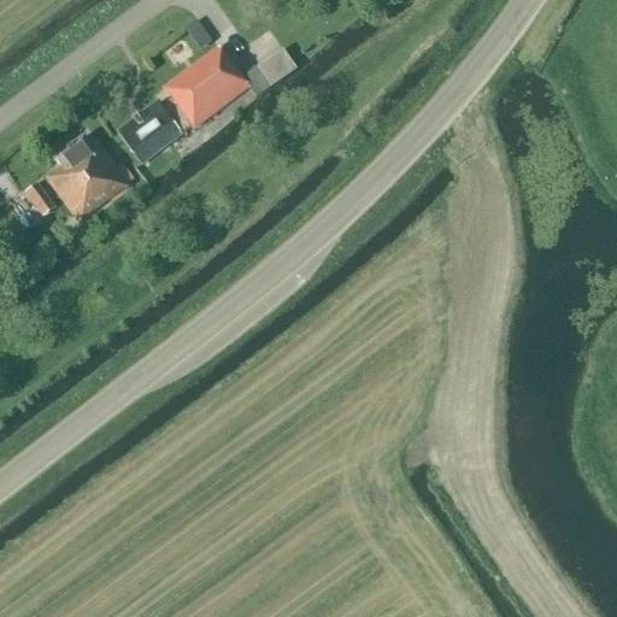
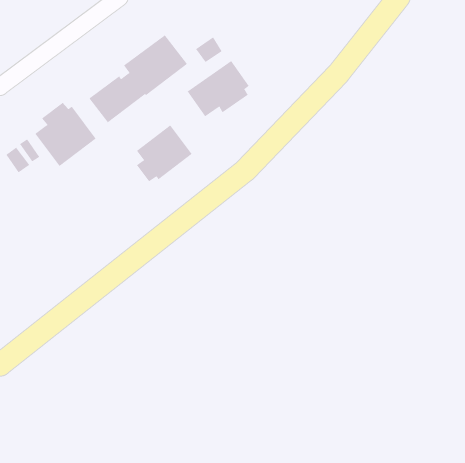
building: none -> [187,60,249,117]
building: none -> [136,125,192,182]

